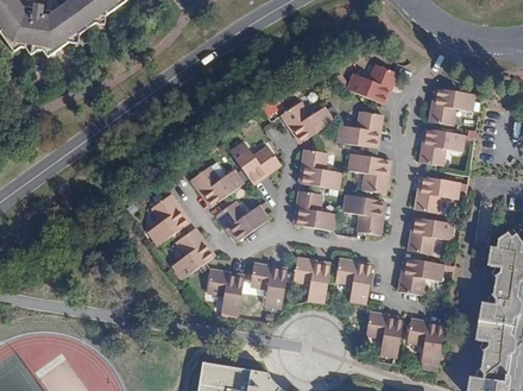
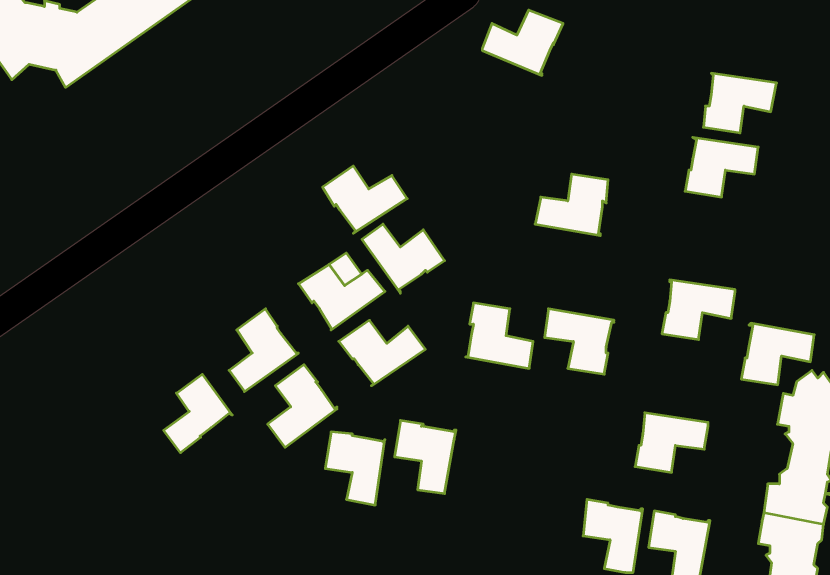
building: [347,64,397,105] -> [482,10,563,75]
building: [281,101,333,143] -> [323,166,407,233]
building: [420,128,465,165] -> [703,73,777,133]
building: [298,149,341,189] -> none
building: [348,153,390,194] -> none
building: [408,216,453,254] -> [741,323,814,385]
building: none -> [164,374,232,453]
building: [292,258,330,302] -> none
building: [335,258,372,303] -> none

